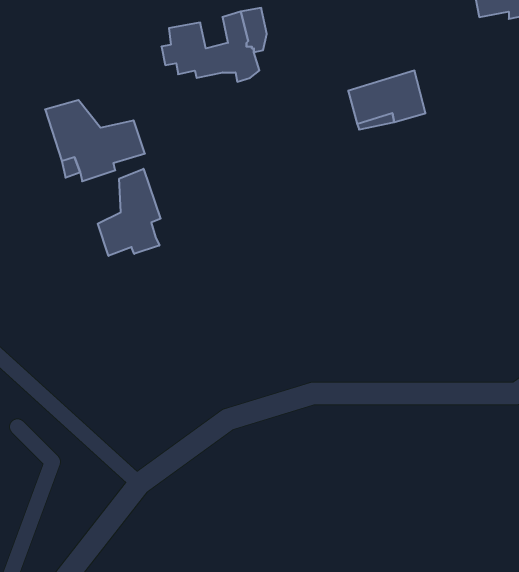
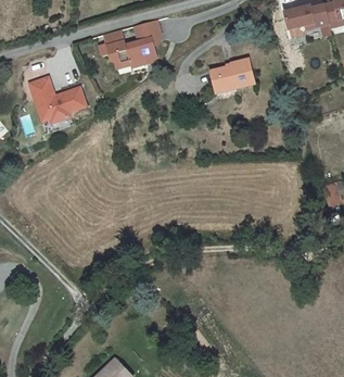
building: [98,169,161,256] -> none

